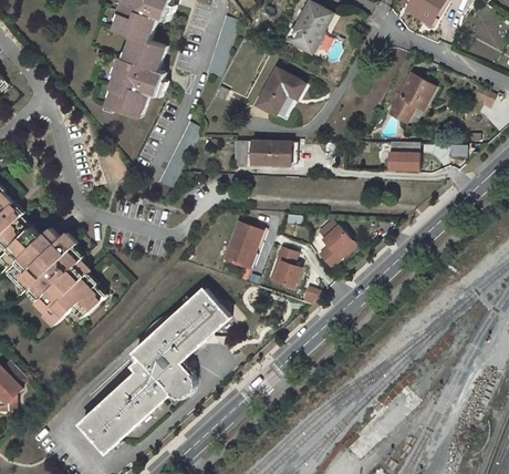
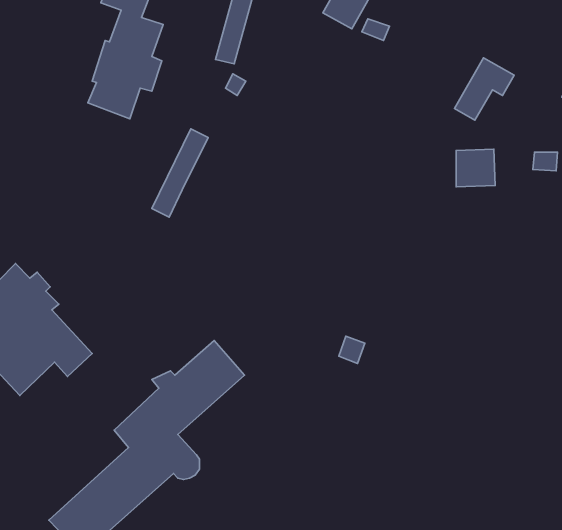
building: [254,66,303,120] -> none
building: [232,140,293,165] -> none
building: [313,216,352,264] -> none
building: [221,221,264,271] -> none
building: [270,248,304,287] -> none

